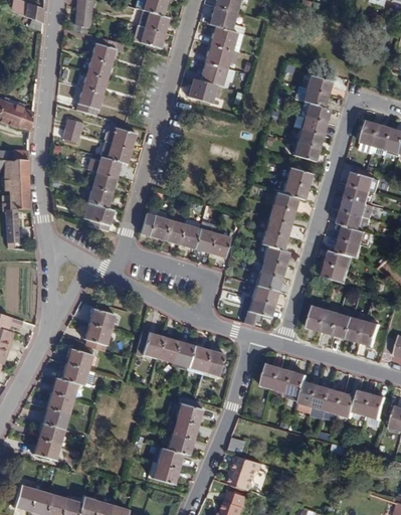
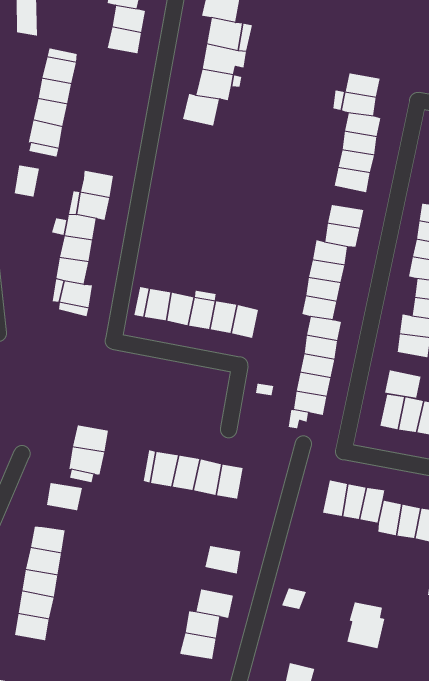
building: none -> [384,369,421,399]
building: [203,349,224,376] -> none
building: [62,363,88,384] -> none
building: [171,417,198,440] -> none
building: [229,456,258,491] -> [346,602,385,649]

